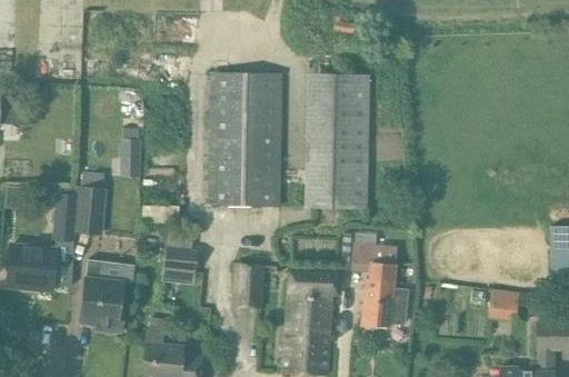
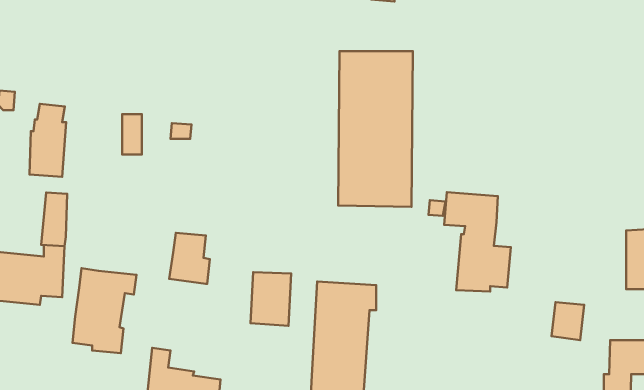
building: [208,72,282,207] -> none
building: [74,172,106,235] -> [29,104,66,177]
building: [351,242,408,327] -> [444,192,511,292]

